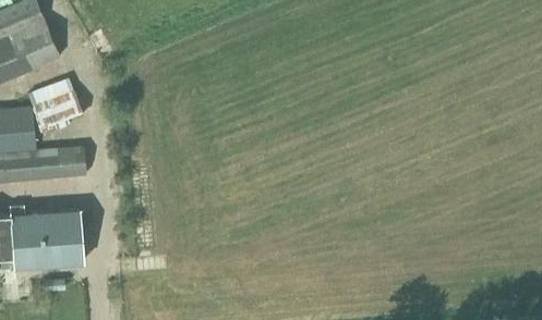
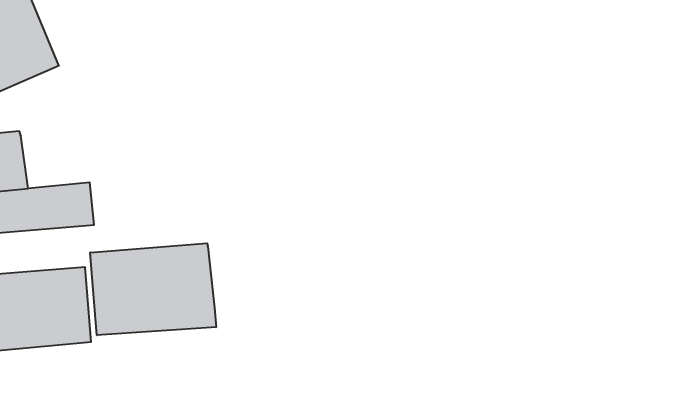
building: [25,77,83,133] -> none
building: none -> [90,243,216,335]

